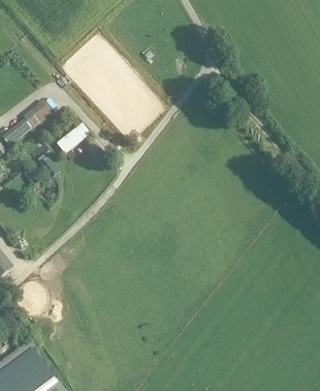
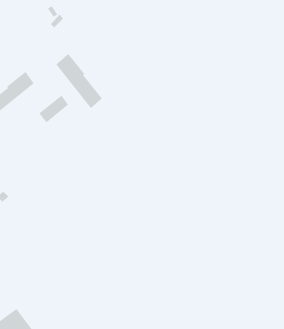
building: none -> [55,53,102,109]

